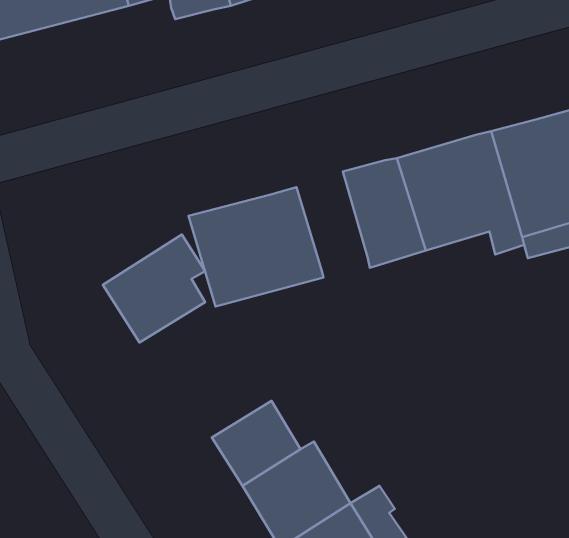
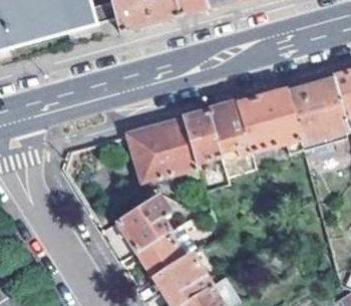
building: none -> [182,109,219,161]
building: [103,235,205,343] -> [118,192,171,248]

